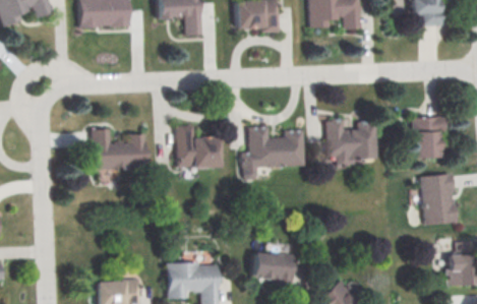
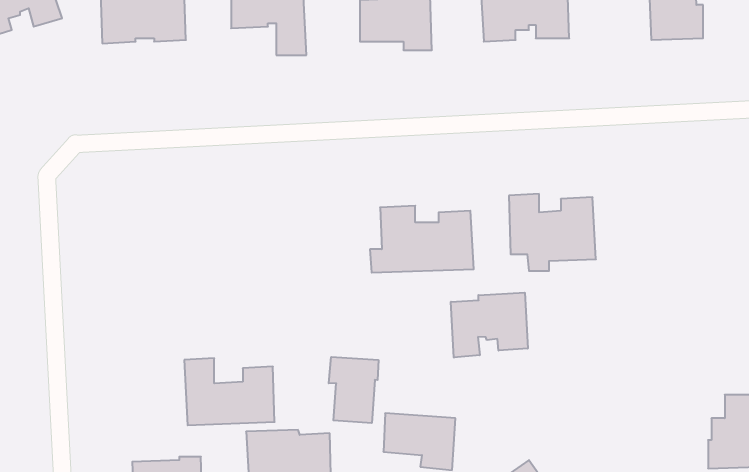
building: [411,117,444,158] -> none
building: [176,125,218,167] -> none
building: [92,128,146,169] -> [184,358,275,425]
building: [421,174,457,225] -> none
building: none -> [451,293,528,358]
building: none -> [329,357,378,423]

